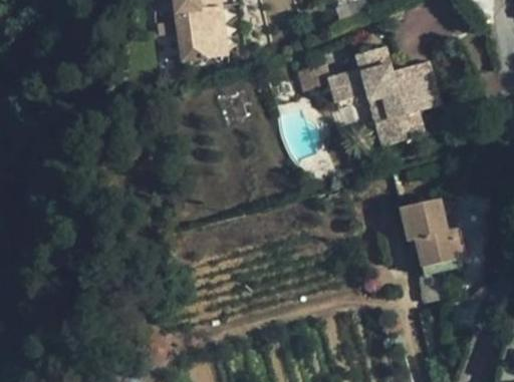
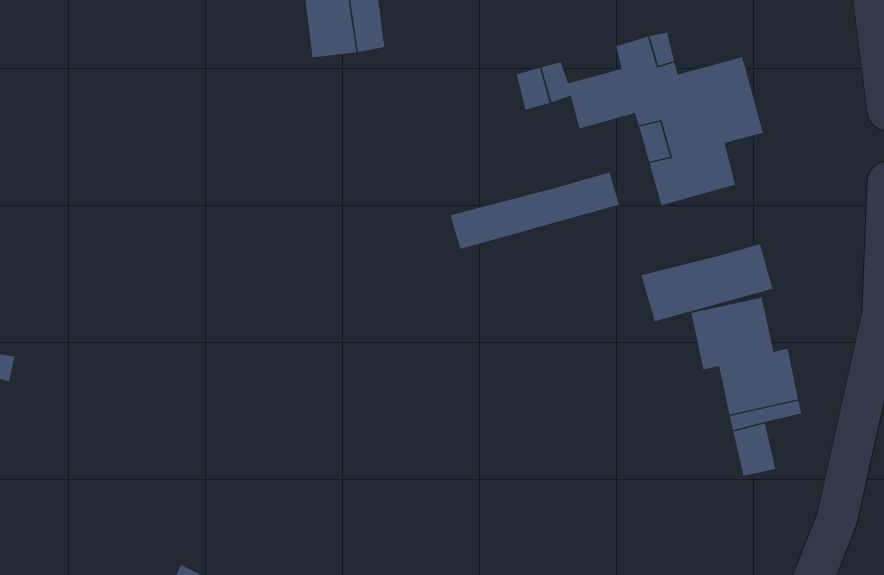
building: none -> [450,172,620,250]
building: none -> [640,243,773,322]

